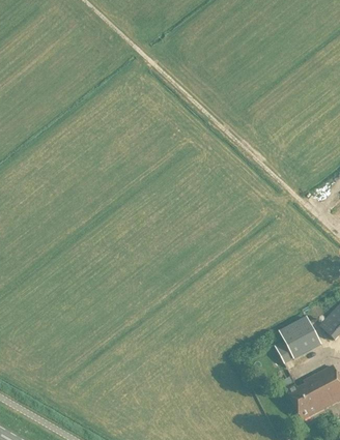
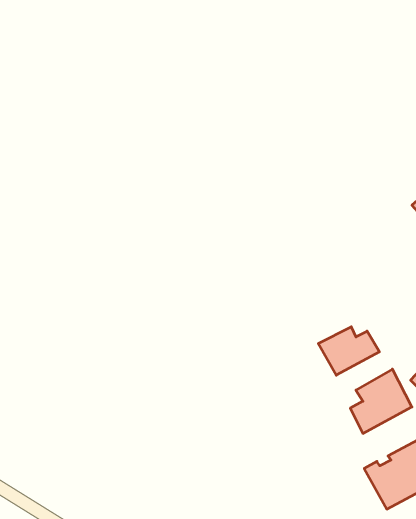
building: none -> [318,327,379,375]

